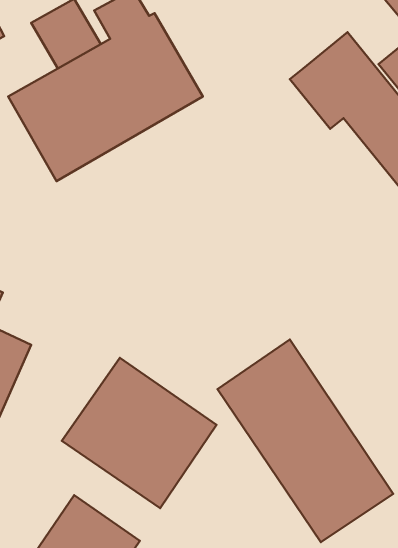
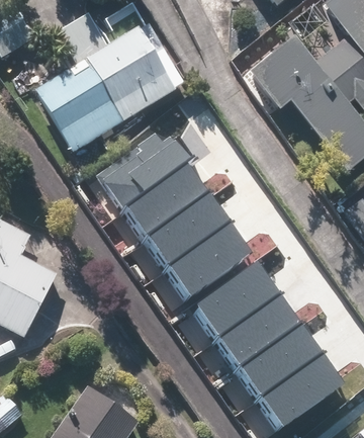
building: none -> [101,138,234,290]
building: [62,358,217,508] -> none

